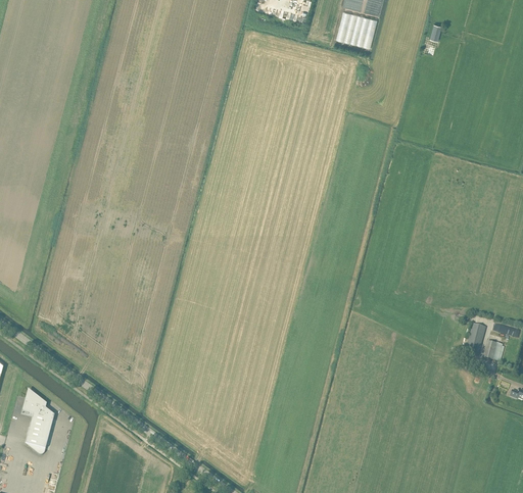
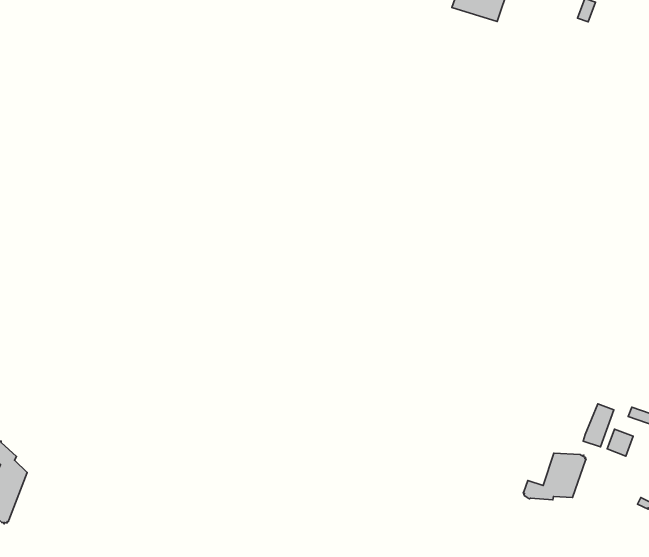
building: none -> [523,453,586,500]

